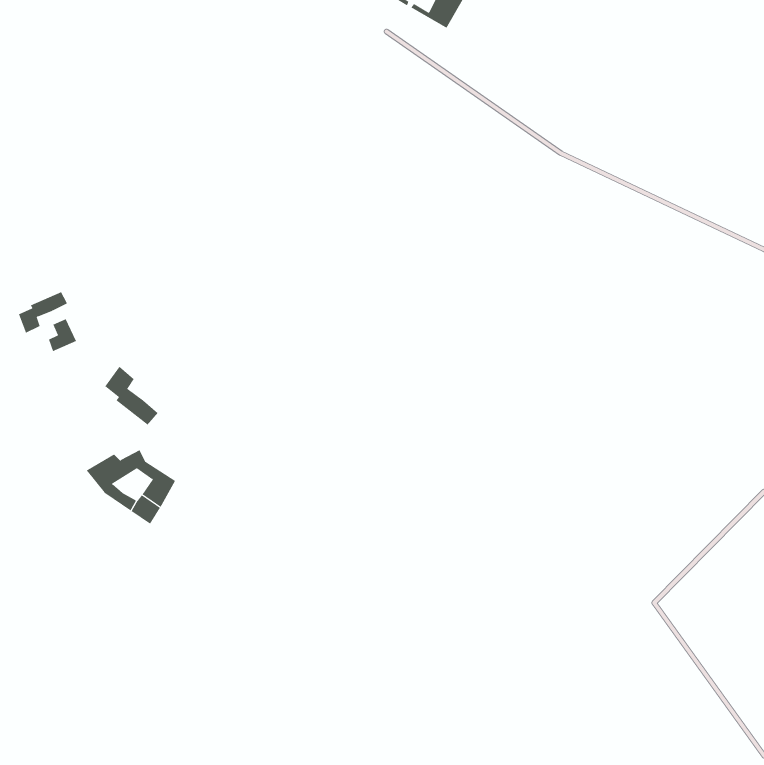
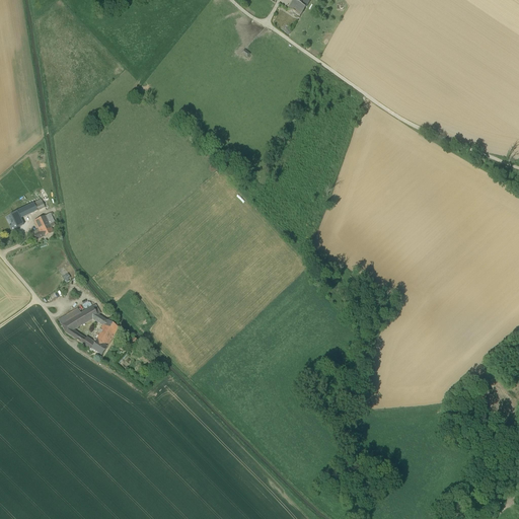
building: [104,366,159,425] -> none

